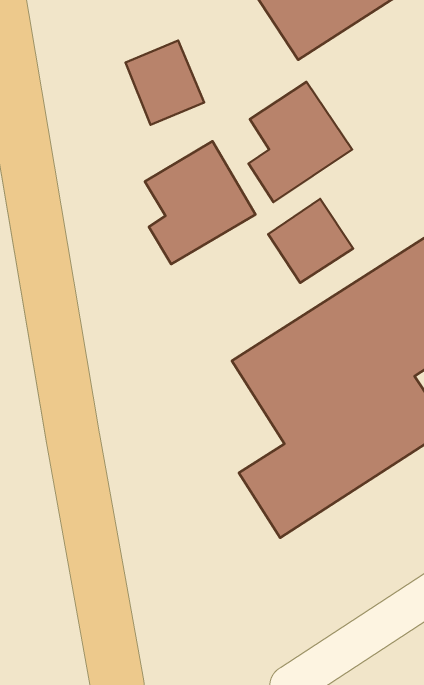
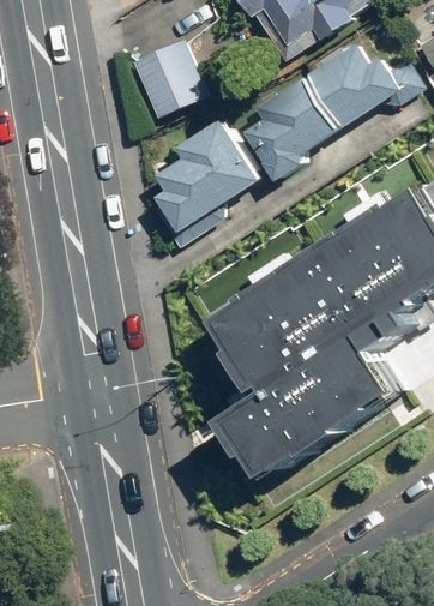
building: none -> [308,43,386,127]
building: [268,199,353,283] -> none

